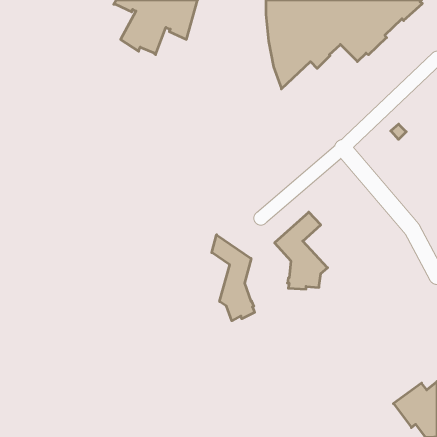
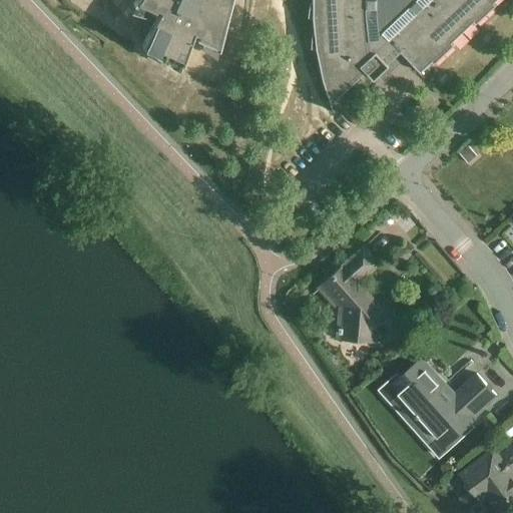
building: [212,235,255,321] -> none
building: none -> [390,358,497,447]

